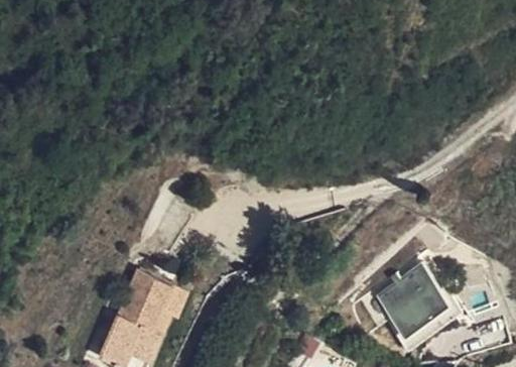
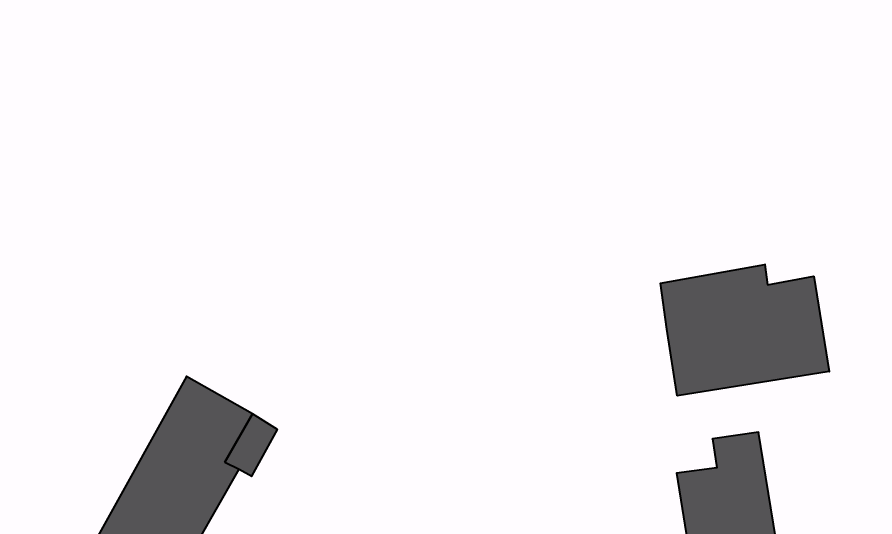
building: none -> [660,264,829,396]

